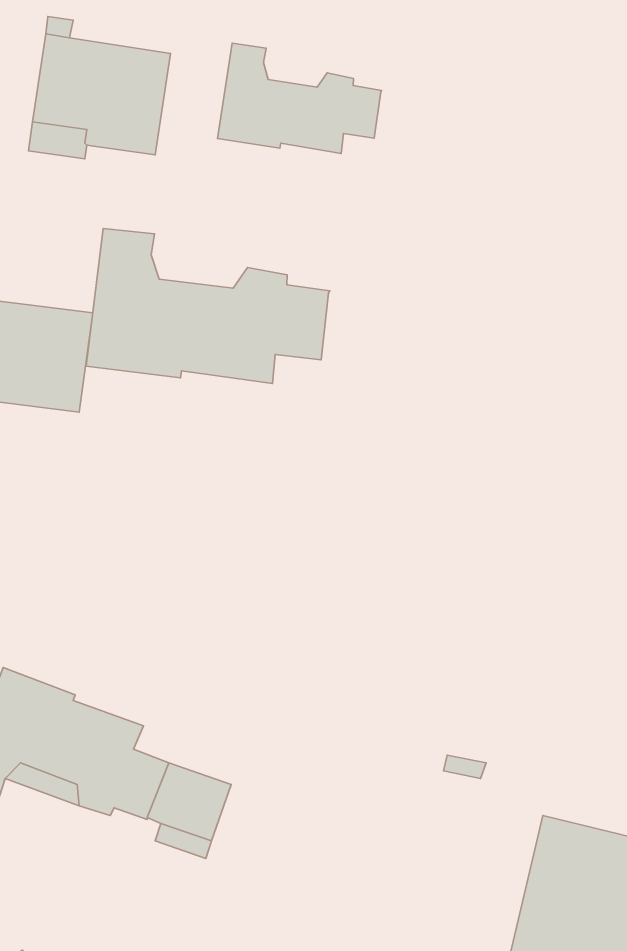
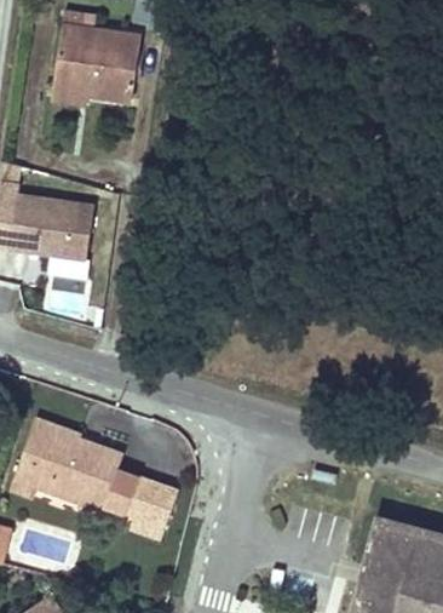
building: [217,43,381,154] -> none
building: [86,228,330,383] -> none

